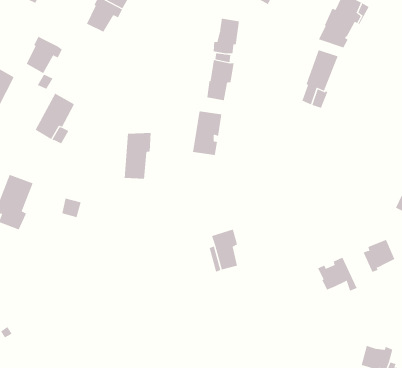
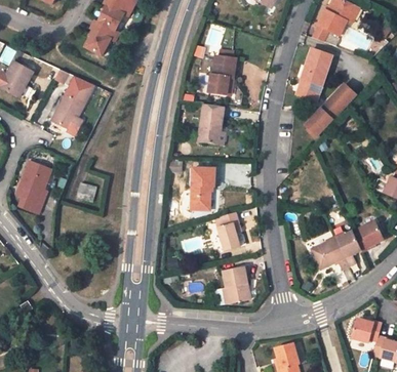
building: [213,18,240,54] -> none
building: [26,36,63,74] -> [85,22,119,56]
building: none -> [308,79,358,131]
building: [124,132,152,179] -> [191,167,216,210]
building: none -> [334,232,360,265]
building: none -> [224,265,250,301]

